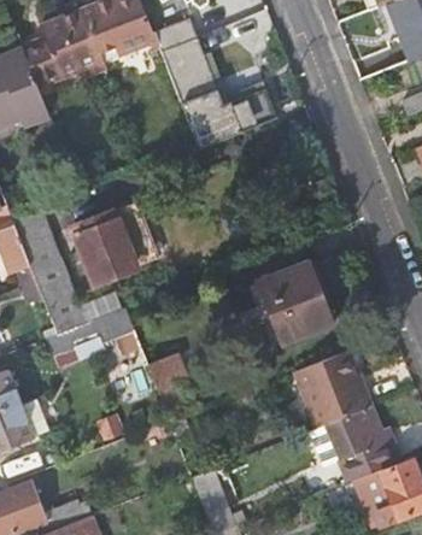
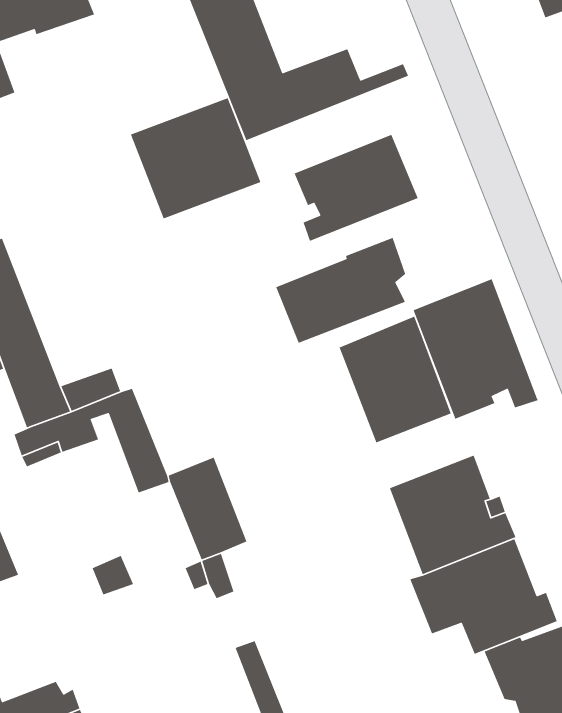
building: none -> [293,134,419,242]
building: [71,204,157,283] -> [130,97,262,220]
building: none -> [275,237,406,344]
building: none -> [413,278,539,420]

